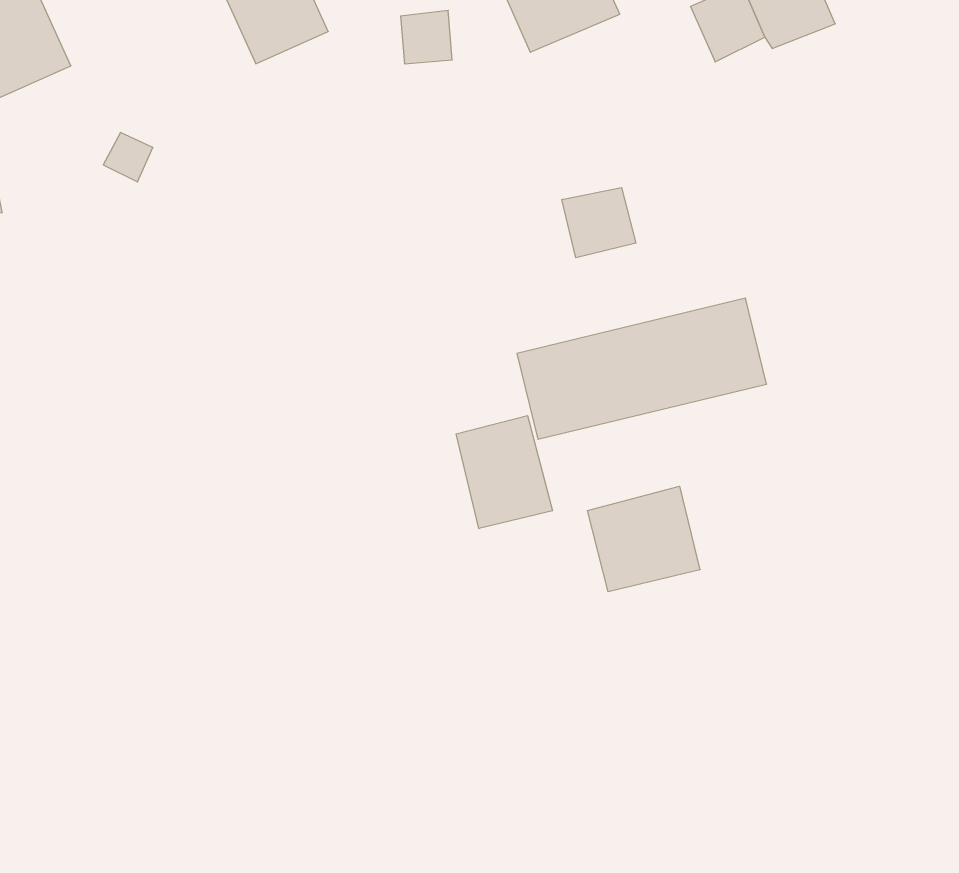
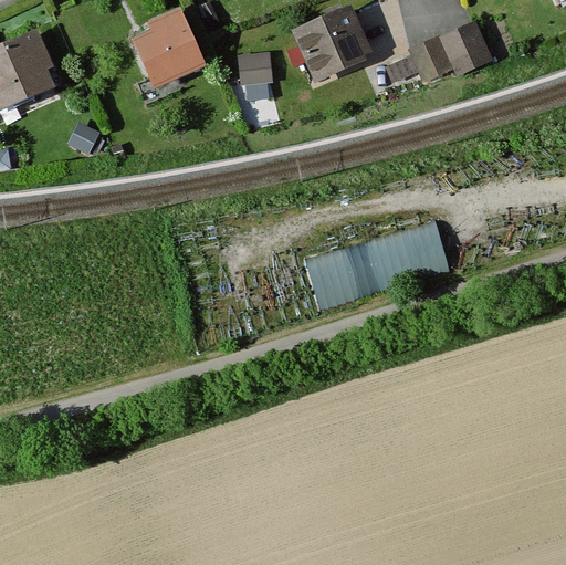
building: [562,188,636,258] -> none
building: [456,416,553,529] -> none
building: [588,486,700,592] -> none

